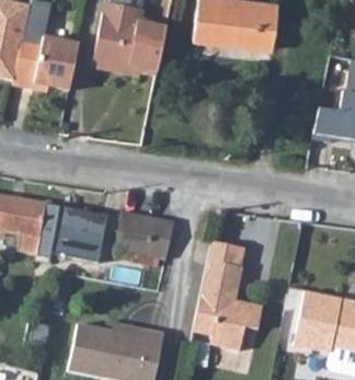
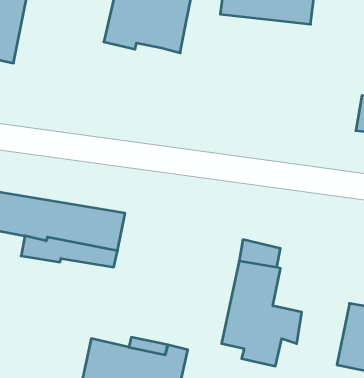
building: [11,32,77,89] -> none
building: [116,210,174,256] -> none

